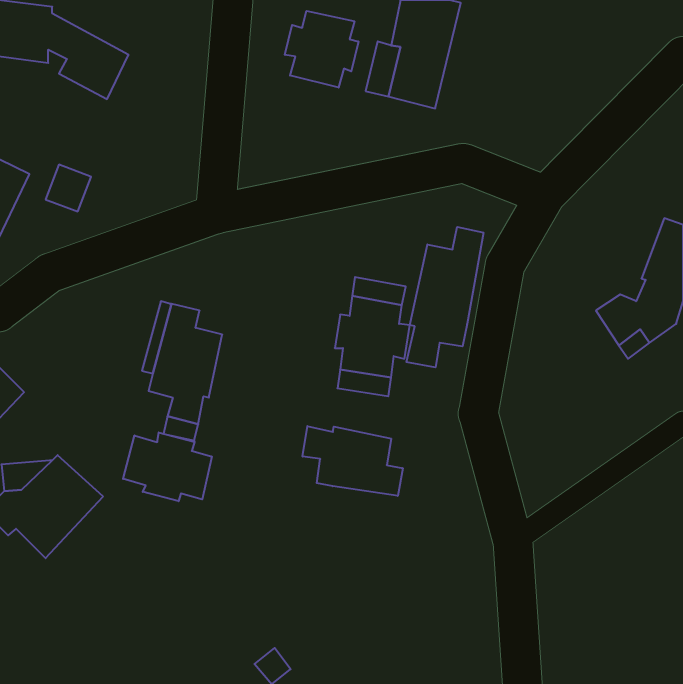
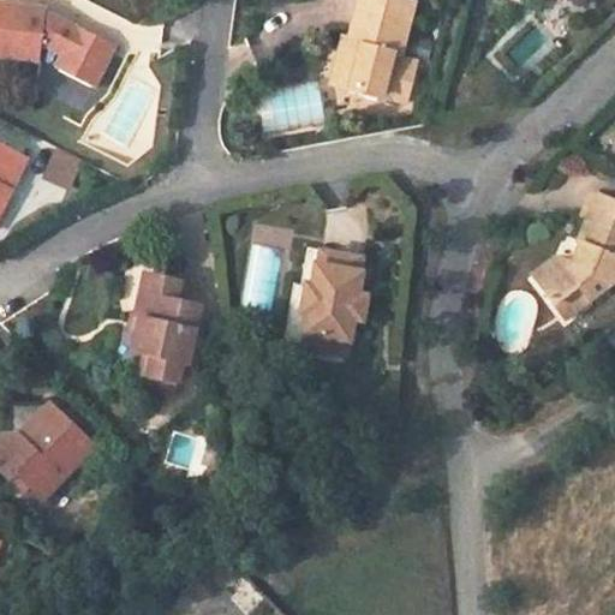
building: [285,11,358,88] -> none
building: [406,227,483,367] -> none
building: [303,426,403,496] -> none
building: [123,432,212,501] -> none

